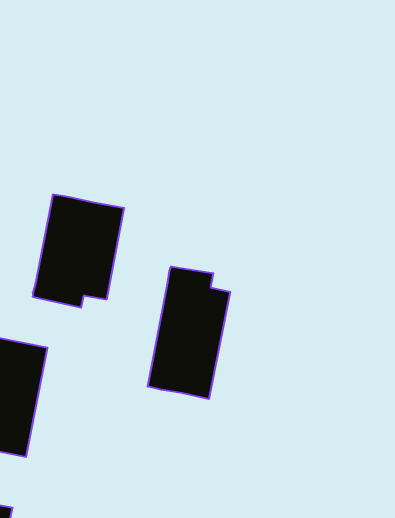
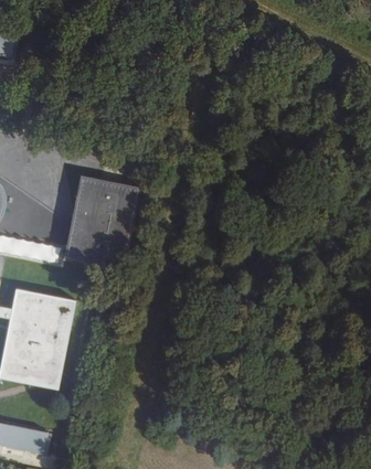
building: [148,266,230,399] -> none

